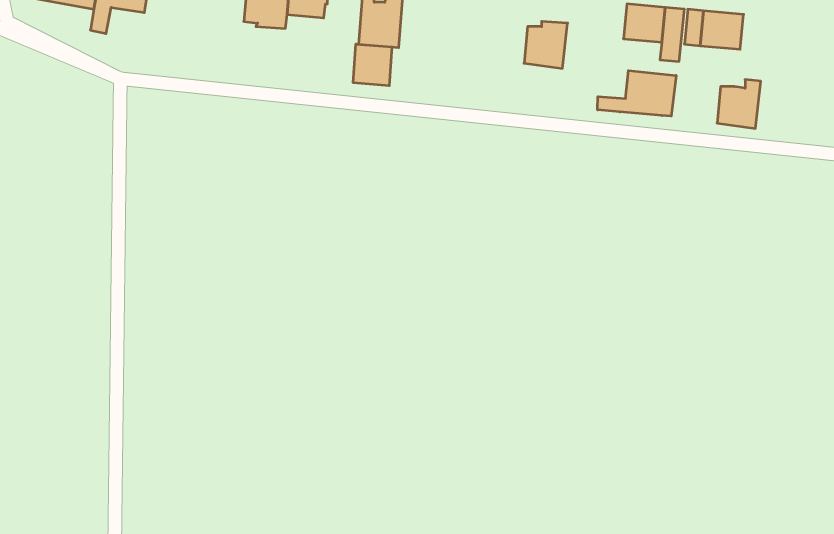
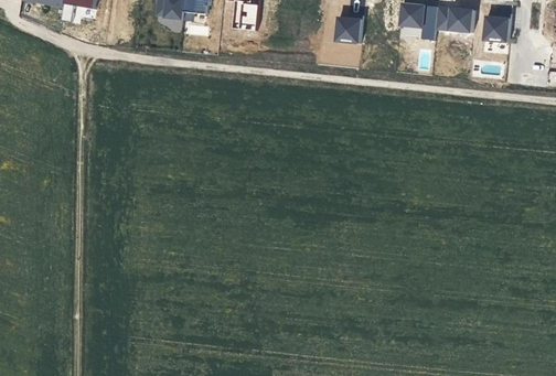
building: [353,44,392,86] -> none
building: [598,71,676,116] -> none
building: [717,80,761,128] -> [483,12,511,43]

